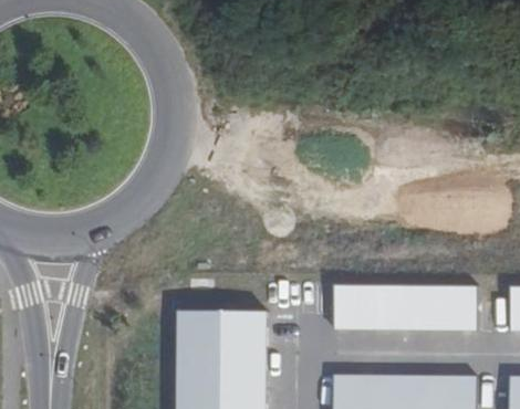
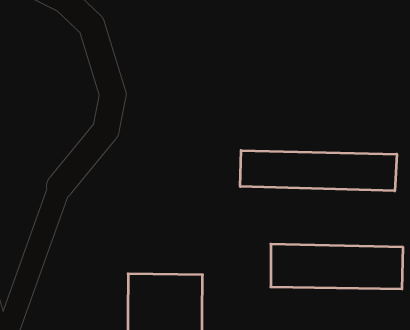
building: none -> [240,150,397,191]

